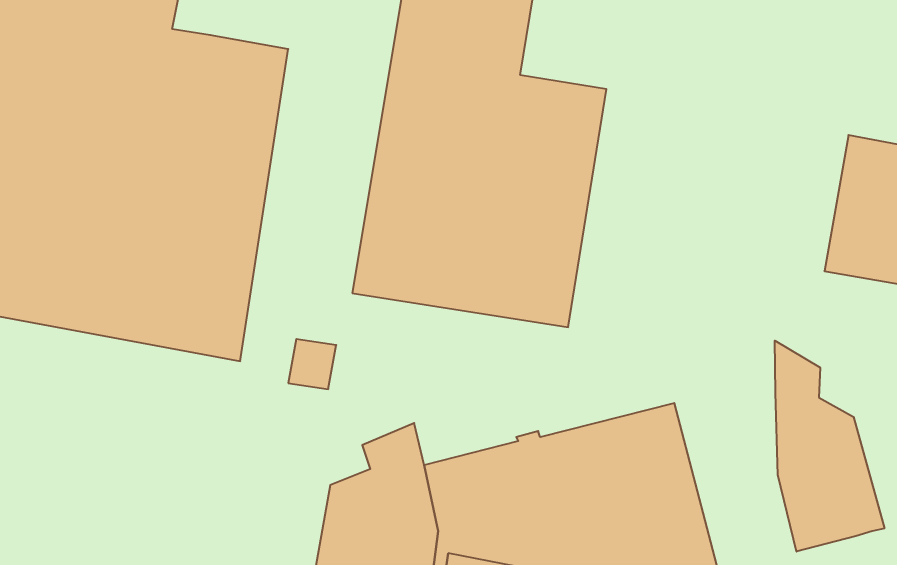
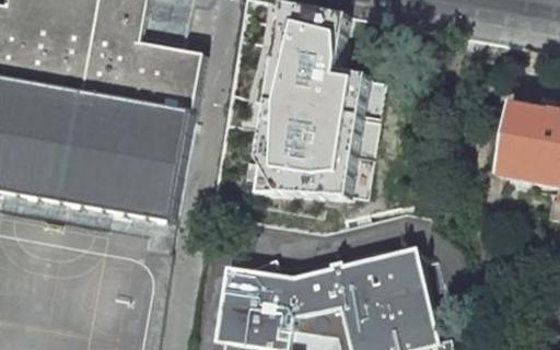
building: [775,341,884,552] -> none

